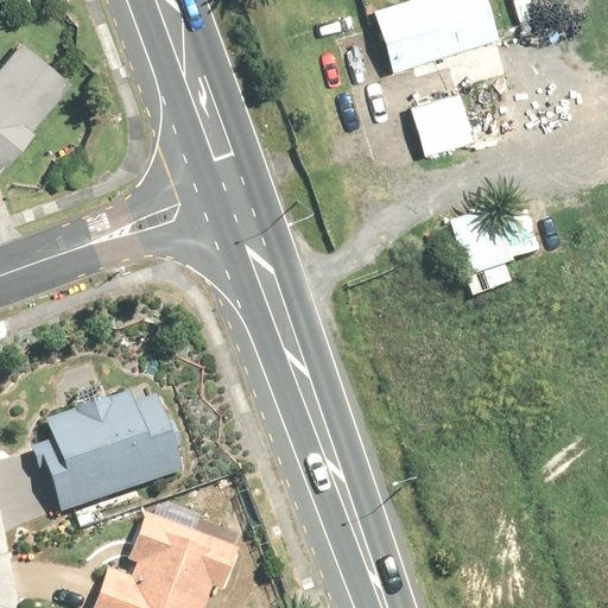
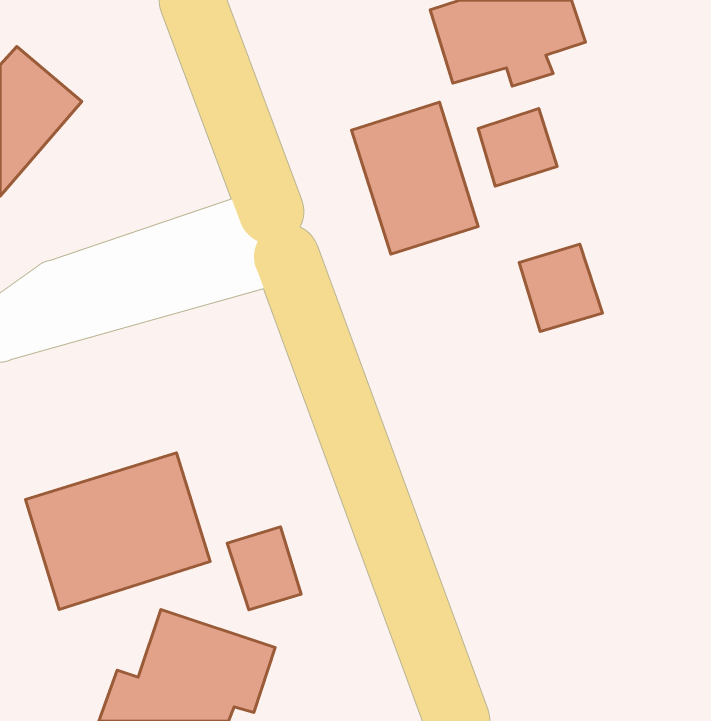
building: none -> [351,102,478,254]
building: none -> [227,527,301,610]

